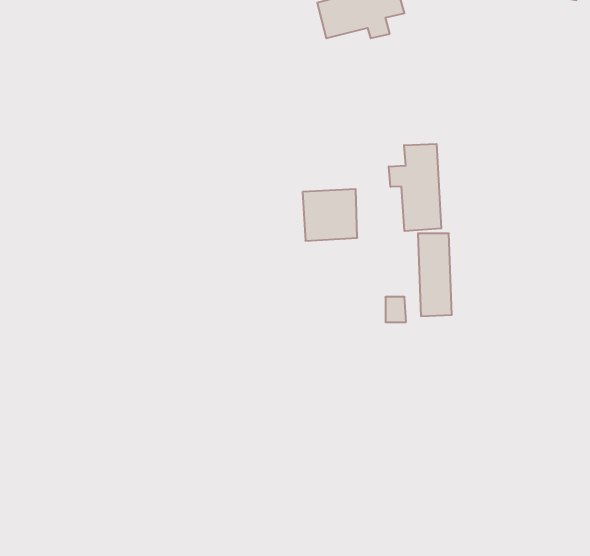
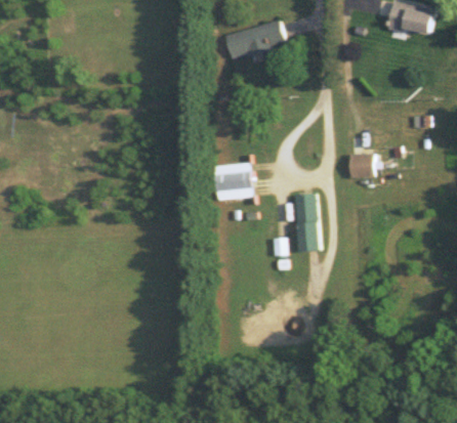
building: [389,144,441,231] -> none
building: none -> [350,154,375,178]

